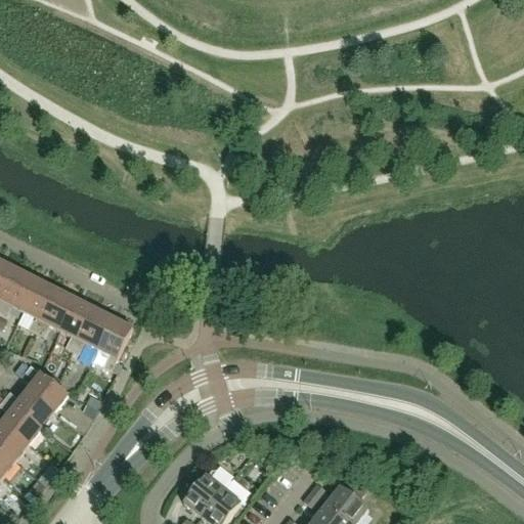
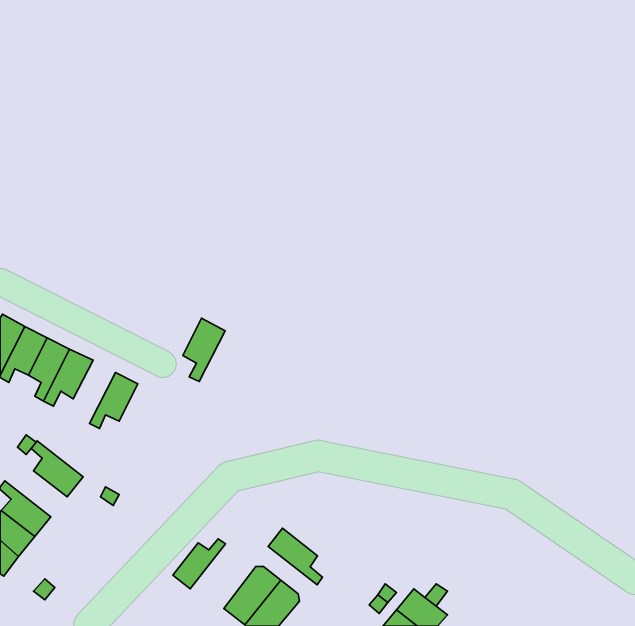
building: [60,297,95,349] -> none
building: [98,316,133,368] -> [183,318,225,382]
building: [4,388,55,426] -> none
building: none -> [268,528,322,585]
building: none -> [173,539,226,589]

